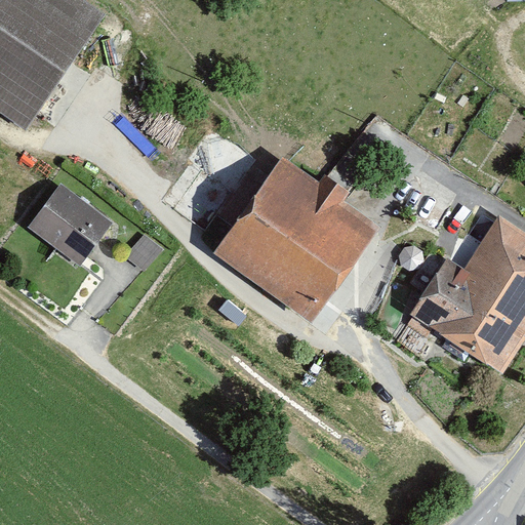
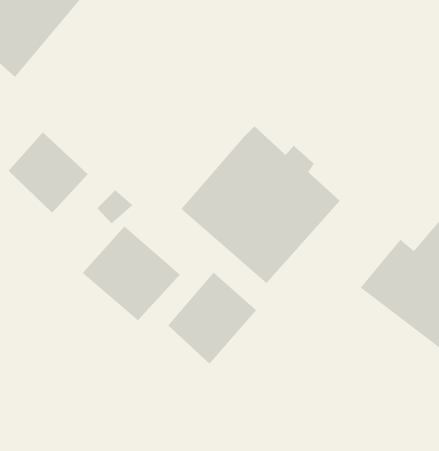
building: none -> [82,225,181,321]
building: none -> [167,272,257,364]

